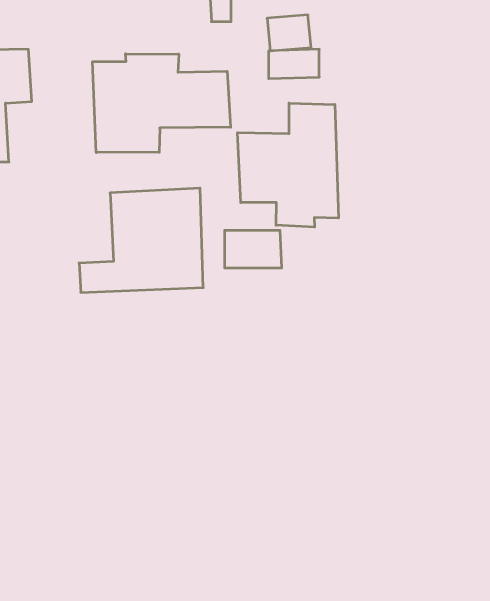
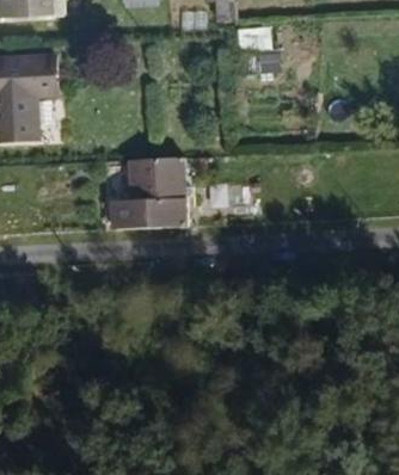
building: [93,54,231,153] -> none
building: [238,103,338,227] -> none

